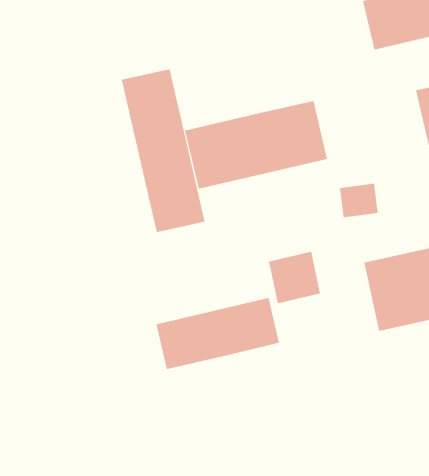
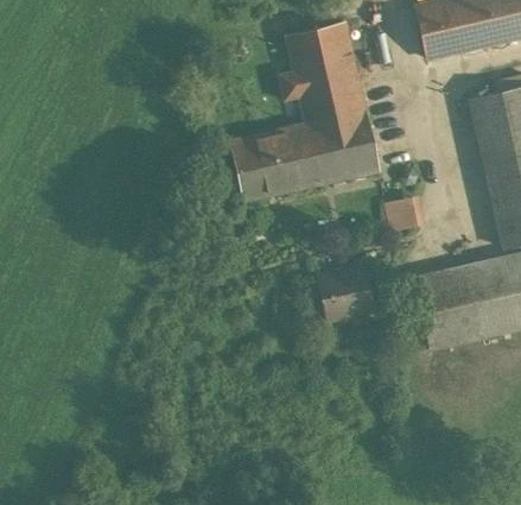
building: none -> [278,21,364,122]
building: [121,68,205,233] -> none
building: [156,297,279,370] -> none

